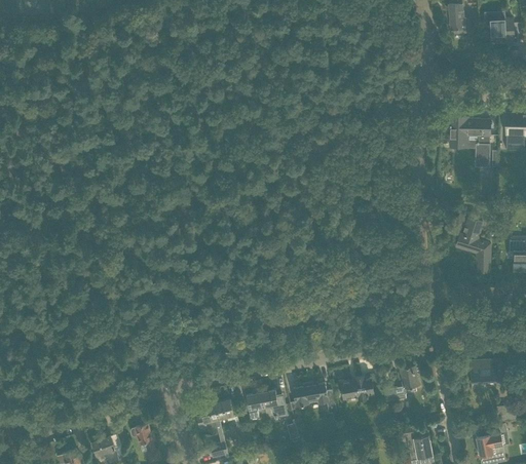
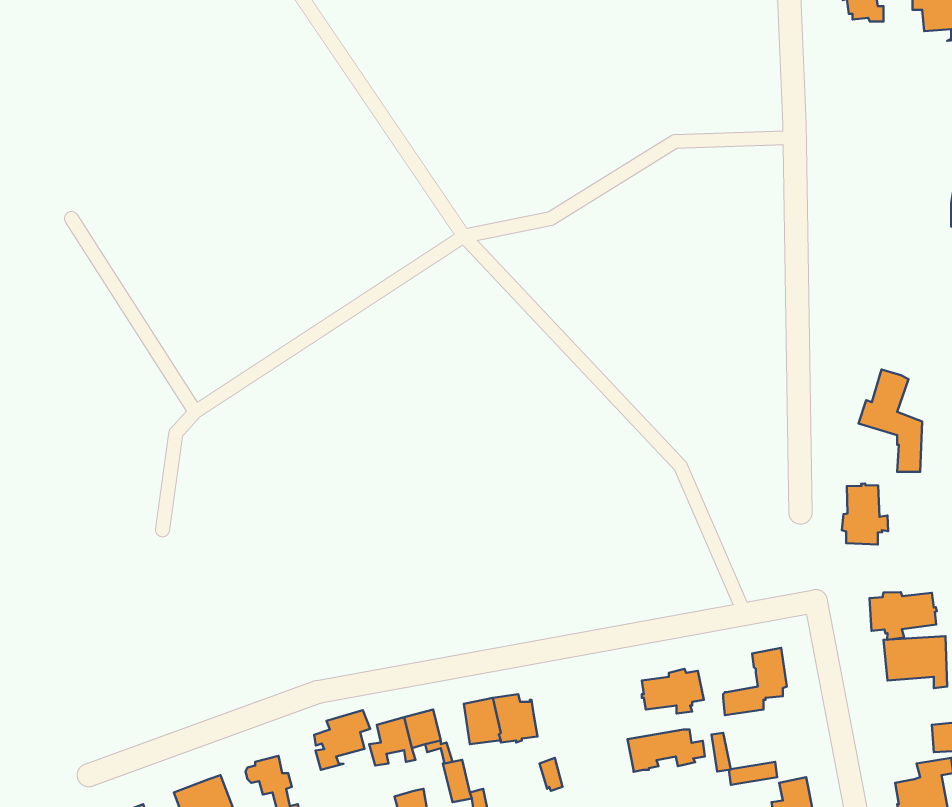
building: [449,116,490,167] -> none
building: none -> [842,483,888,544]
building: none -> [869,592,937,640]
building: [293,383,334,405] -> [628,729,705,772]
building: none -> [314,710,370,770]

